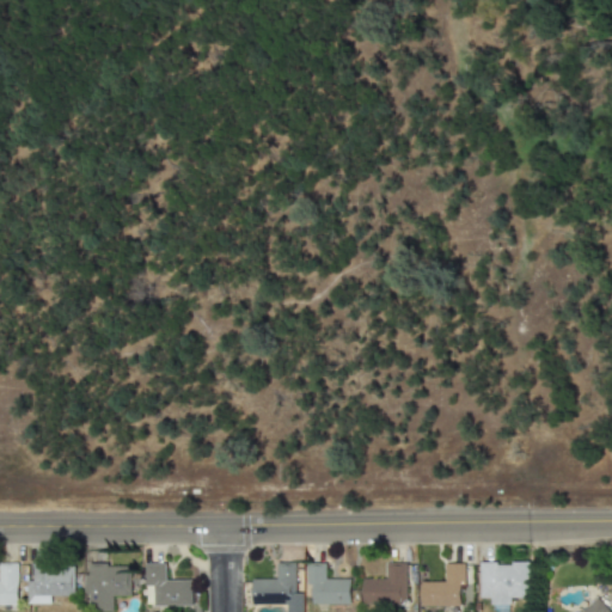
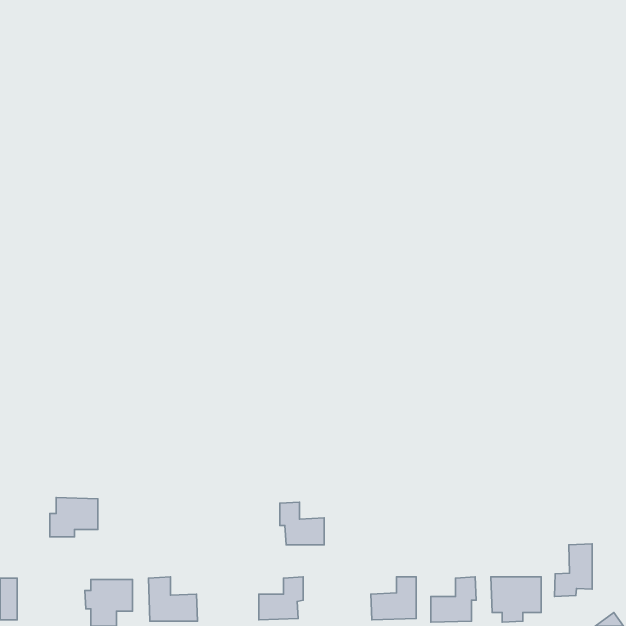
building: none -> [555,544,592,596]
building: [307,562,350,604] -> [280,502,324,545]
building: [27,564,74,602] -> [50,498,98,537]

